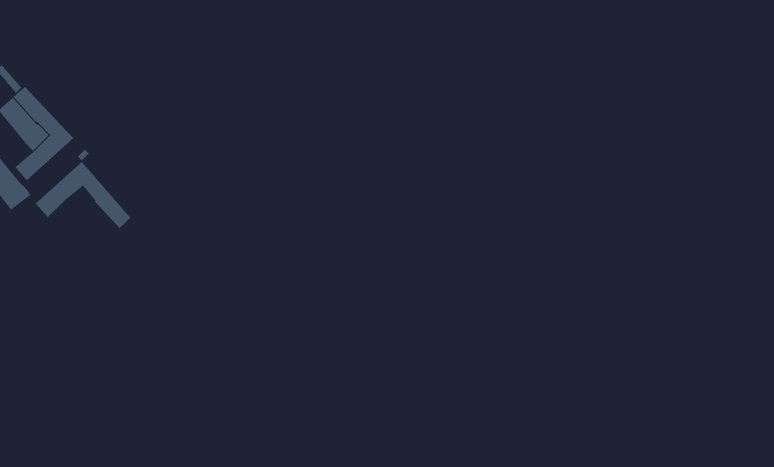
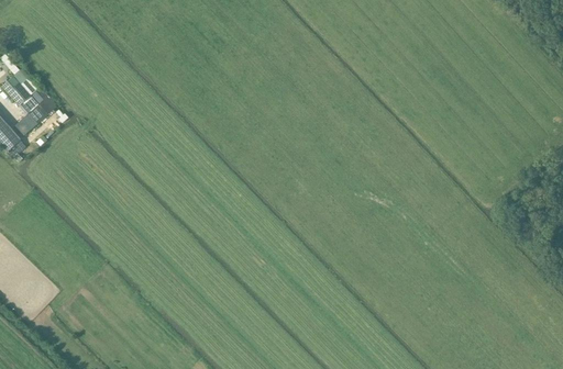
building: [35,161,131,229] -> none

